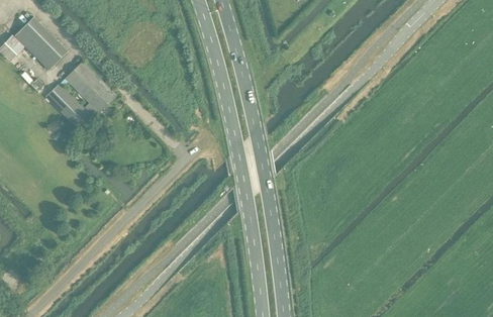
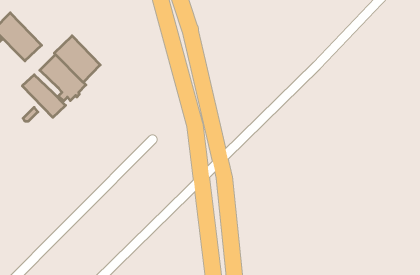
building: none -> [54,36,100,82]

